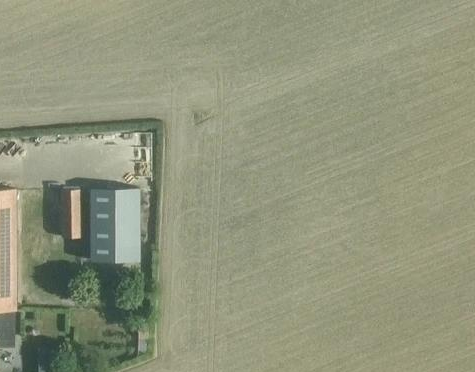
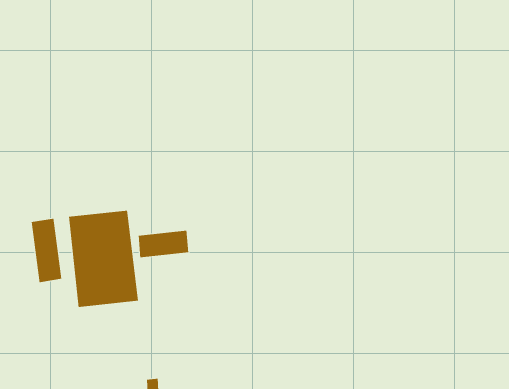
building: none -> [138,230,189,258]

